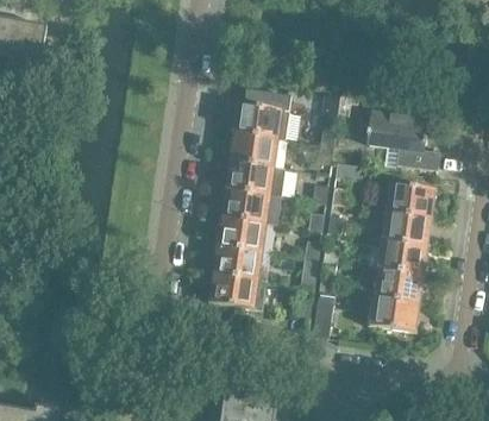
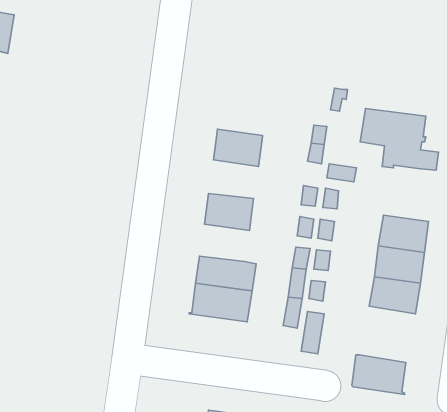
building: [234,87,290,137] -> none
building: [226,157,272,193] -> none
building: [388,180,437,214] -> none
building: [218,216,264,251] -> none
building: [368,293,418,329] -> [352,355,406,395]

